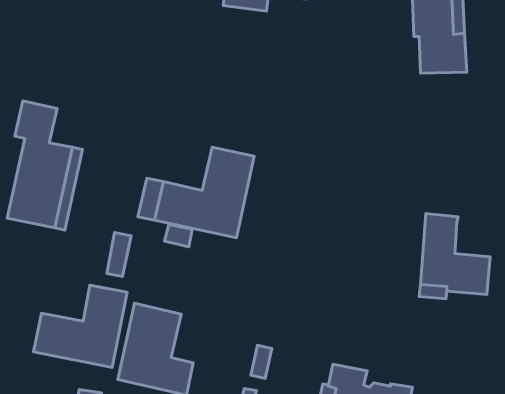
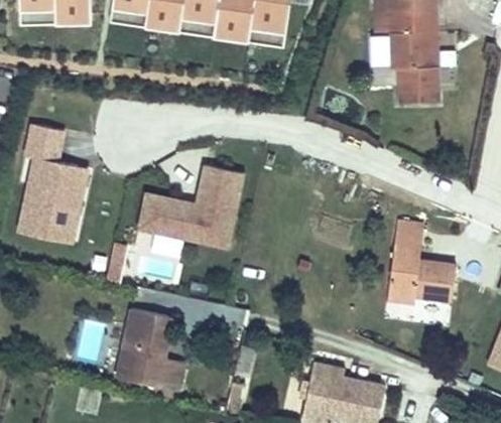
building: [34,285,127,368] -> none

